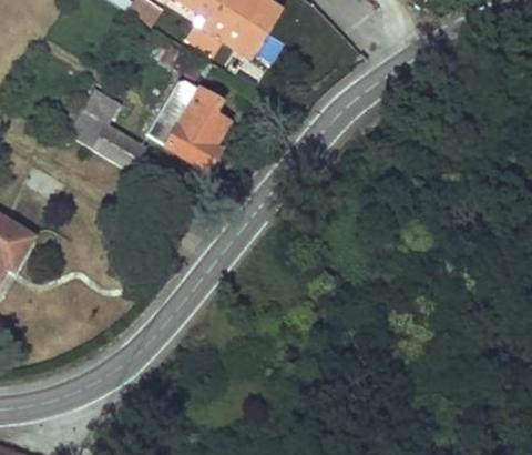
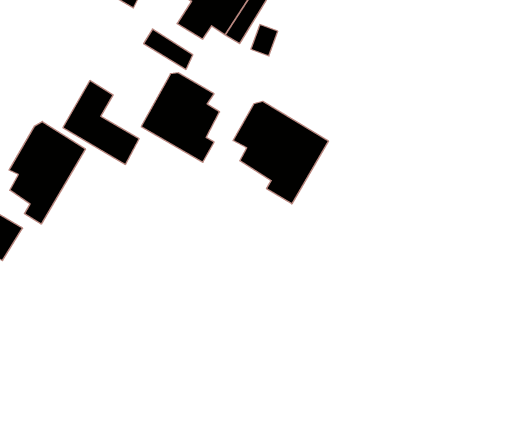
building: none -> [233,101,328,204]
building: none -> [9,121,85,224]

